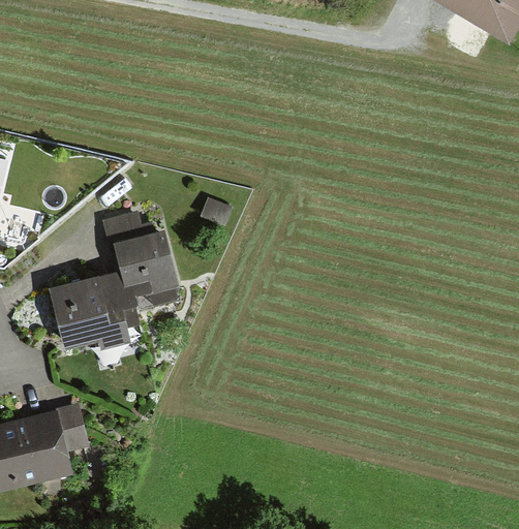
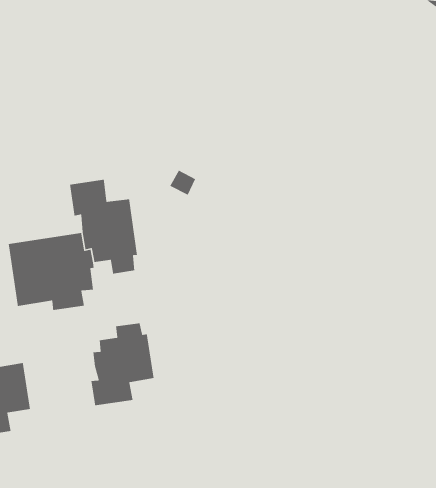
building: none -> [90,322,155,406]

